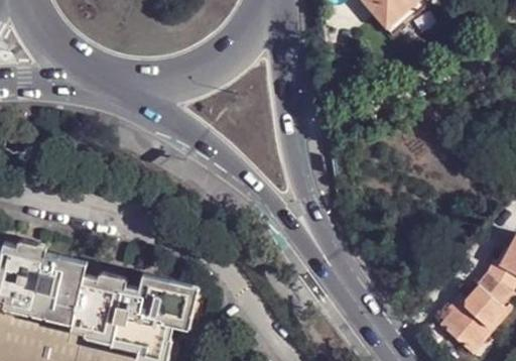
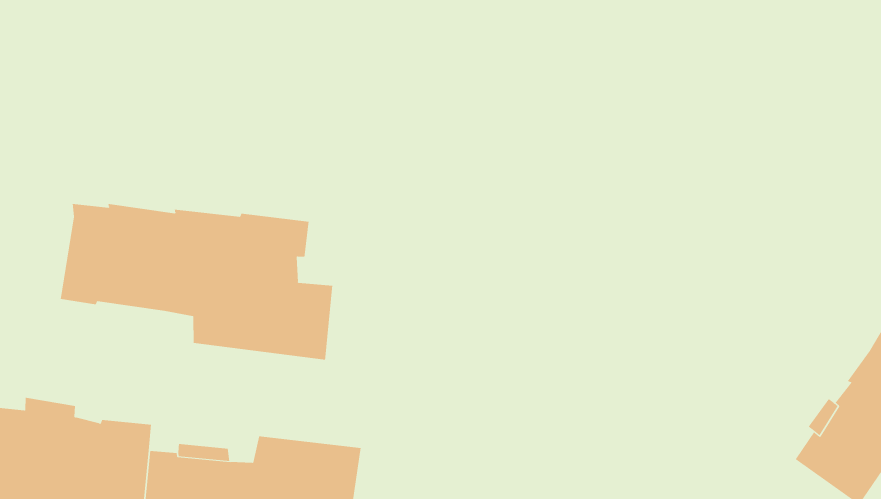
building: none -> [60,203,333,361]

